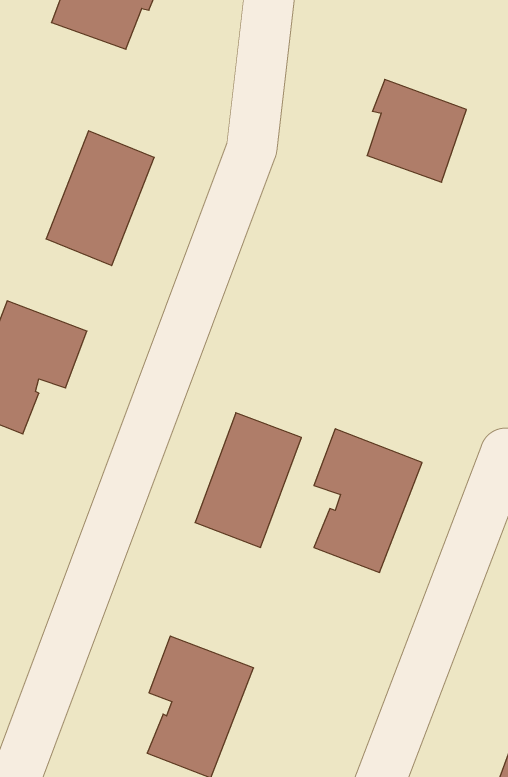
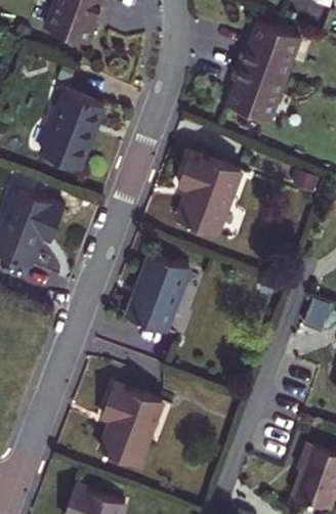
building: none -> [238,24,300,80]
building: [314,429,422,572] -> [178,153,241,235]

